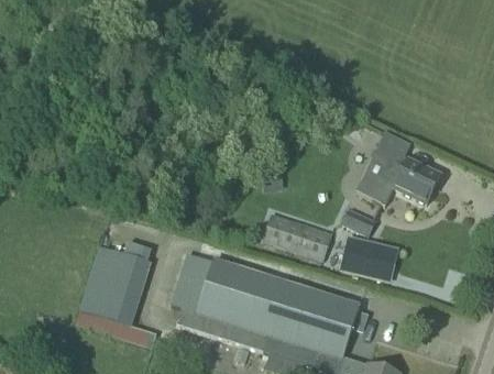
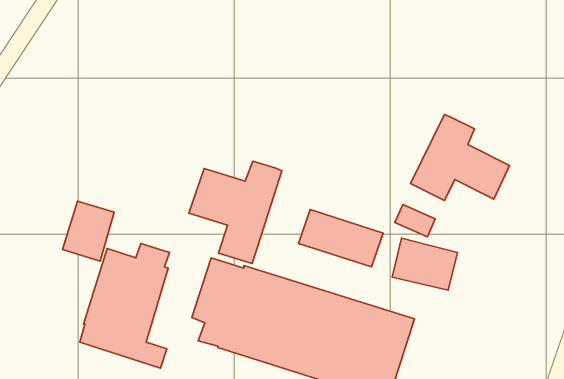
building: none -> [189,161,282,264]
building: none -> [62,201,114,261]

